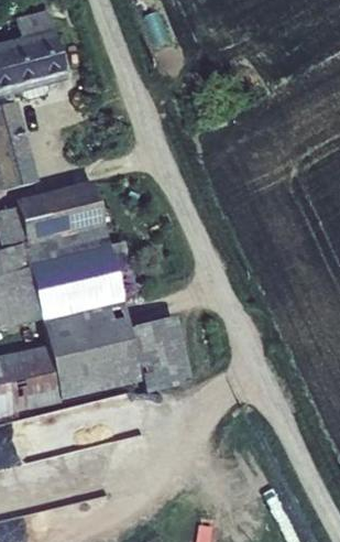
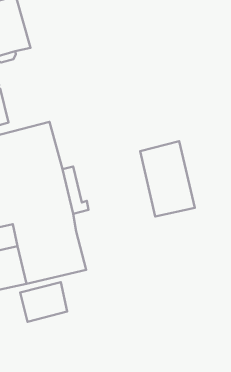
building: none -> [140,141,195,216]
building: [129,316,190,392] -> none

